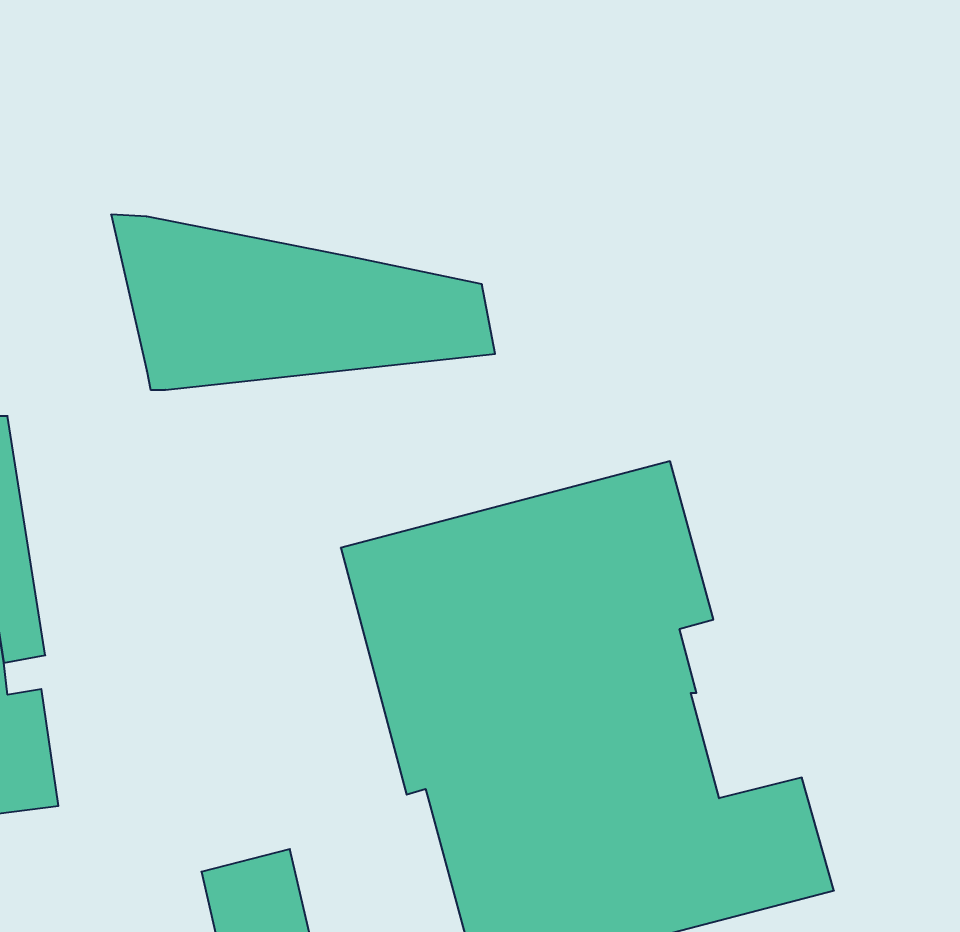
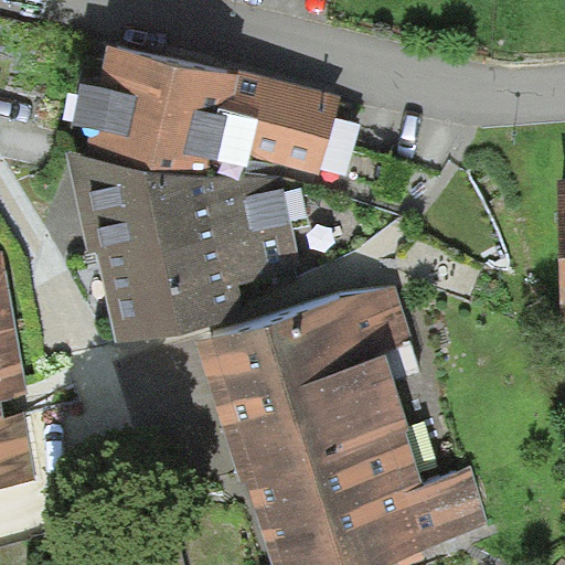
building: none -> [72,32,339,180]
building: none -> [97,225,303,339]

